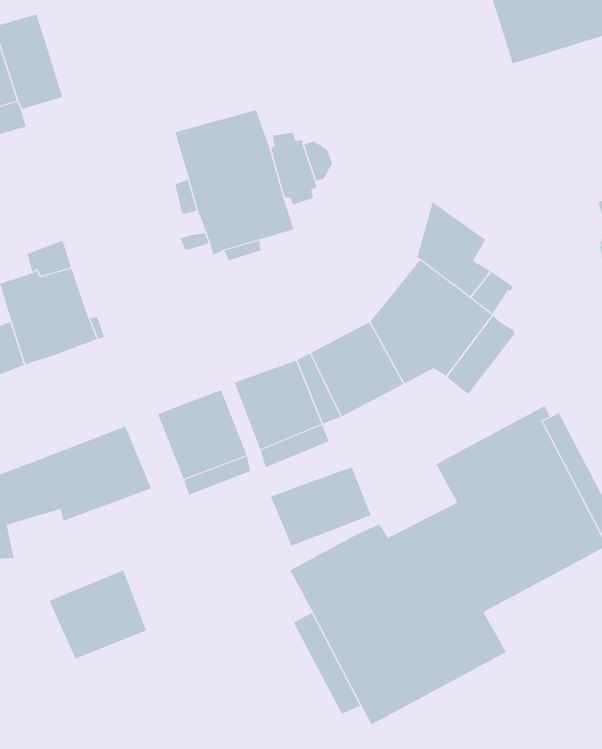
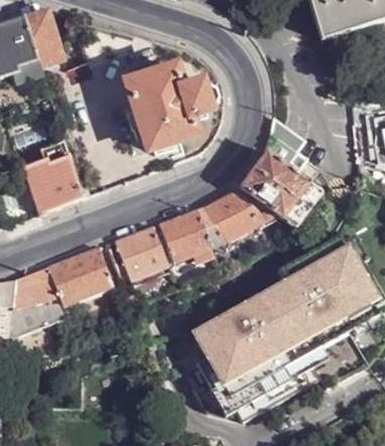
building: [270,467,372,547] -> none
building: [49,569,147,659] -> none

